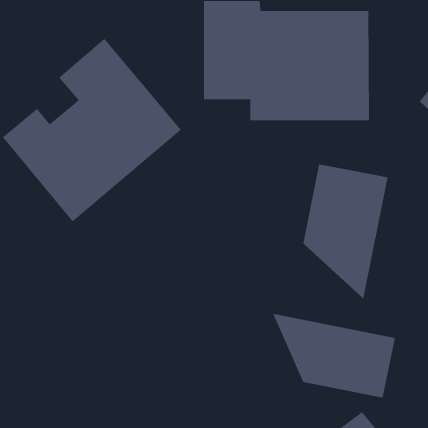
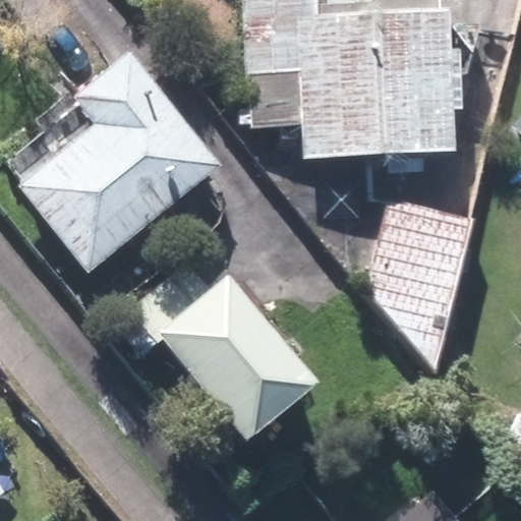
building: none -> [110,262,320,445]
building: [272,313,396,399] -> none

